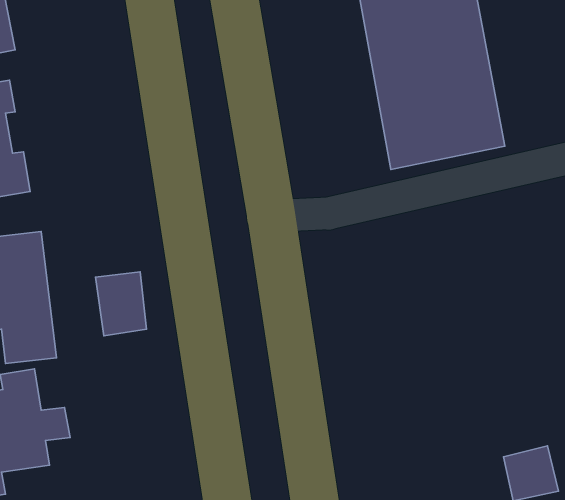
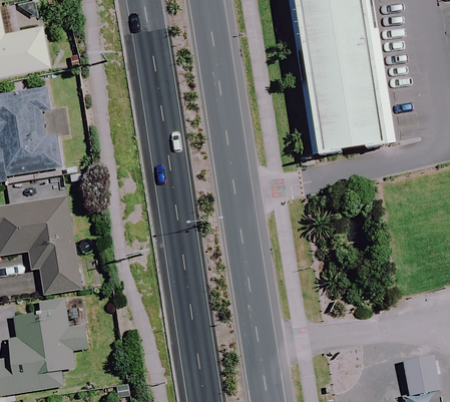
building: [95,272,147,336] -> none

